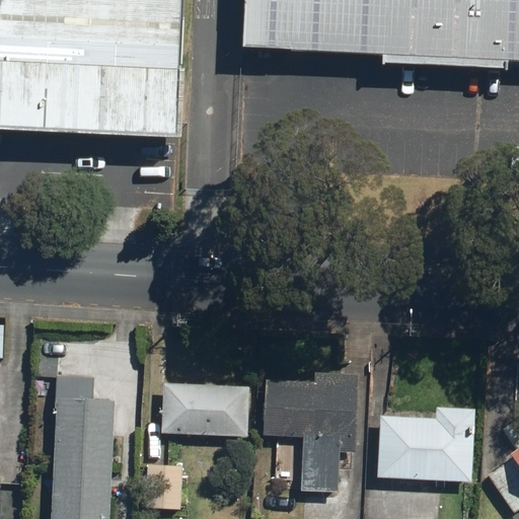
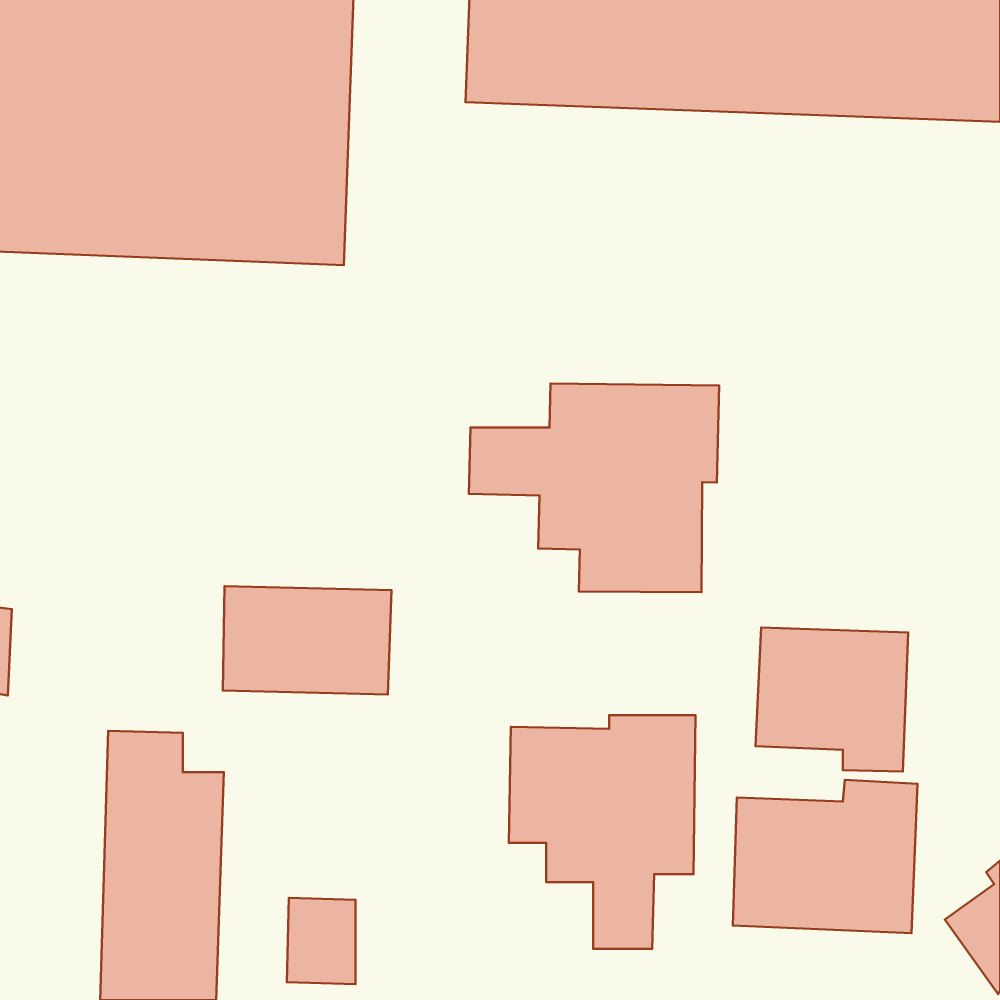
building: none -> [469,383,719,592]
building: none -> [755,627,908,772]
building: [163,379,250,435] -> [223,586,392,694]

